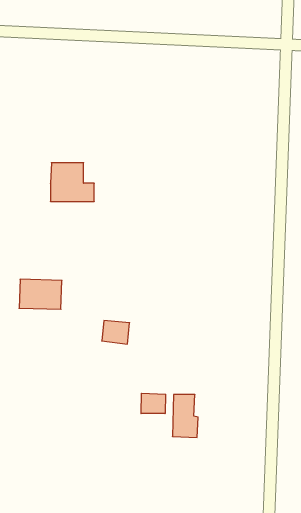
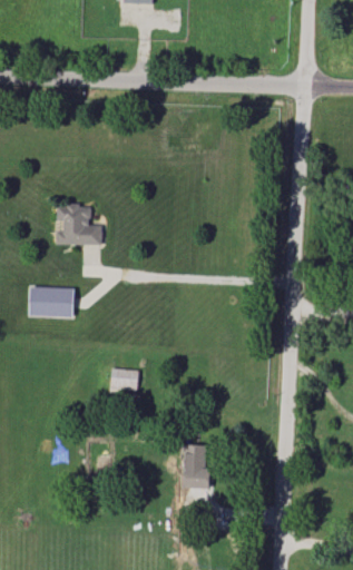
building: [19,279,62,309] -> [29,286,73,317]
building: [141,393,166,414] -> none

